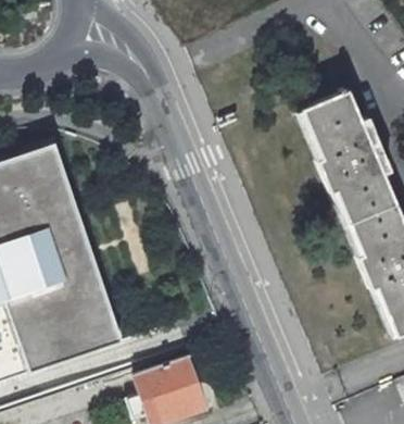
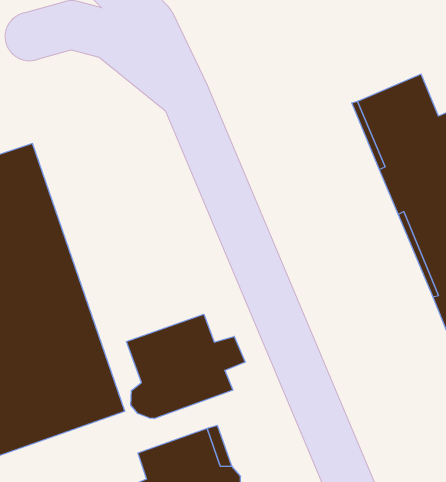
building: none -> [127,314,245,419]

